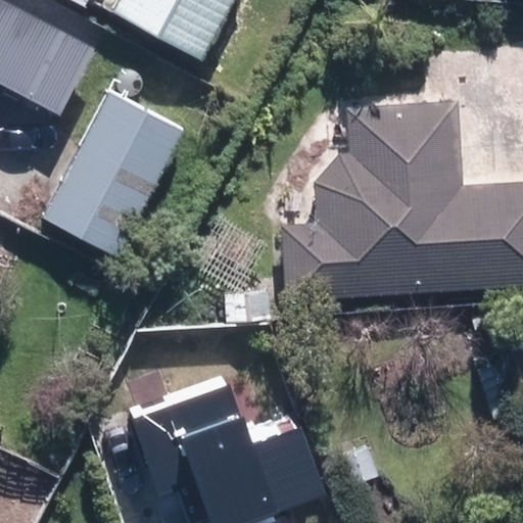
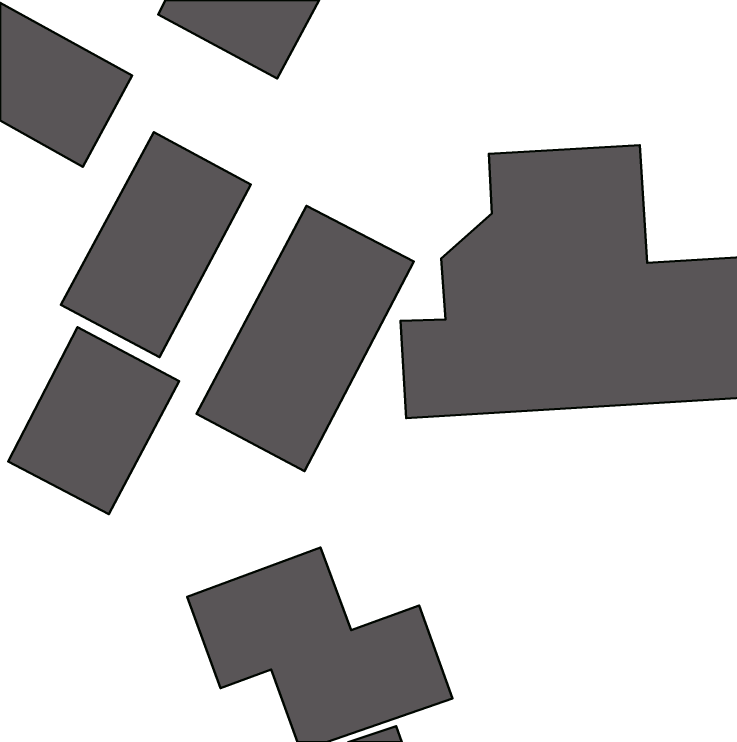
building: none -> [196,206,414,471]
building: none -> [8,327,179,514]

